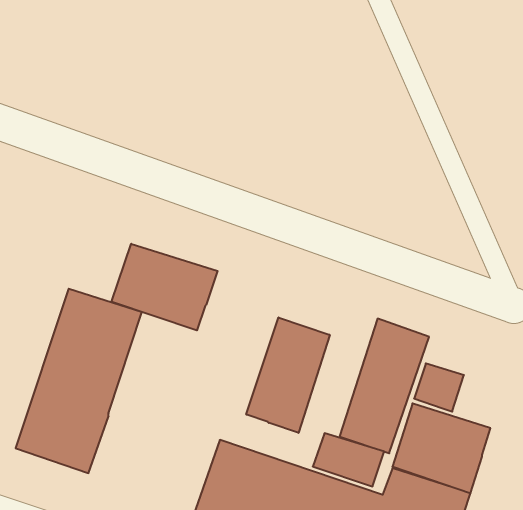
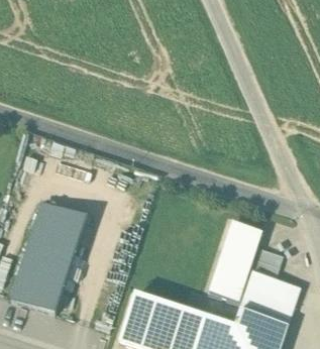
building: [112,244,218,330] -> none
building: [246,317,330,433] -> none

